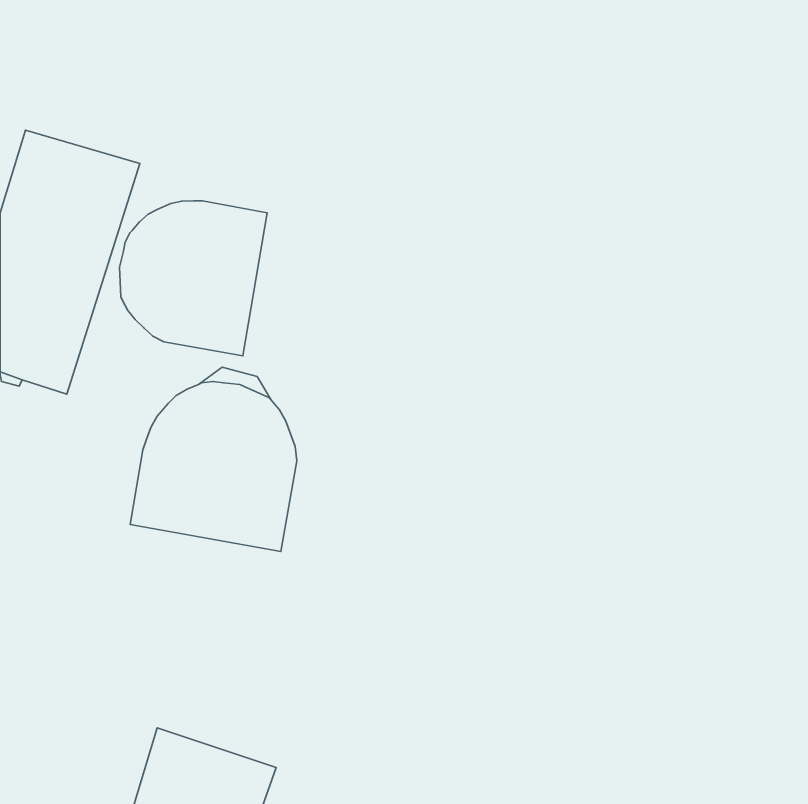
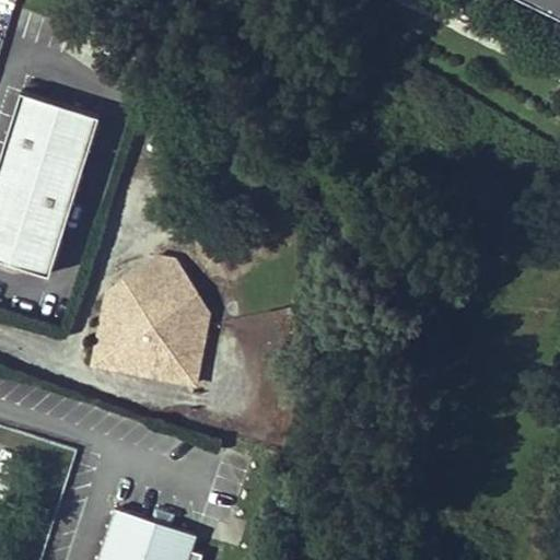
building: [119,201,267,356] -> none

